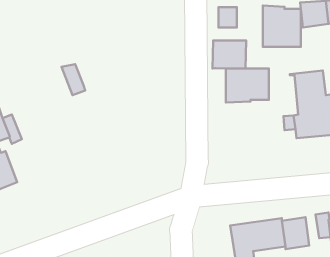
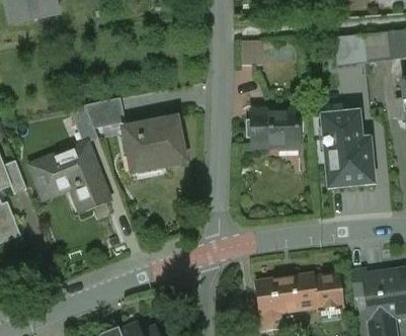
building: [263,6,301,47] -> none
building: [212,40,246,69] -> none
building: none -> [85,97,126,128]
building: none -> [125,117,185,167]
building: none -> [30,143,109,209]

